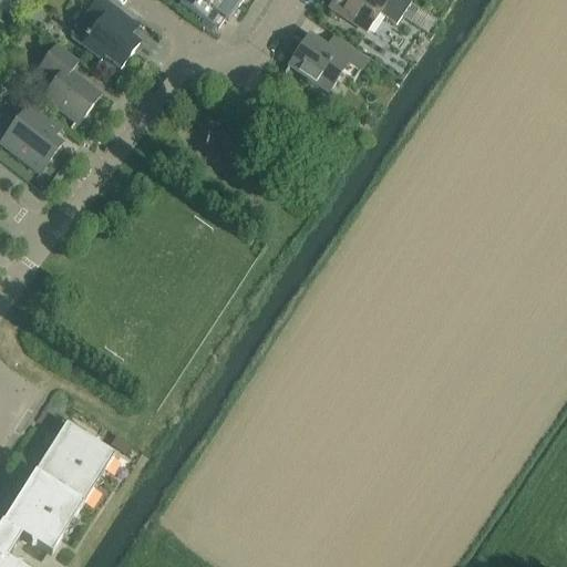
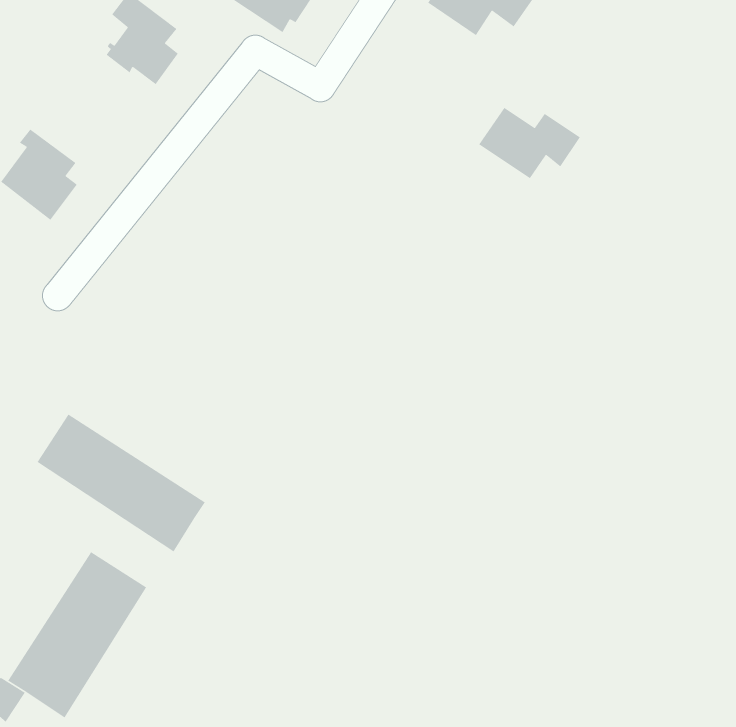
building: [288,32,367,87] -> [478,107,581,179]
building: [38,42,99,117] -> none
building: none -> [37,413,206,553]

